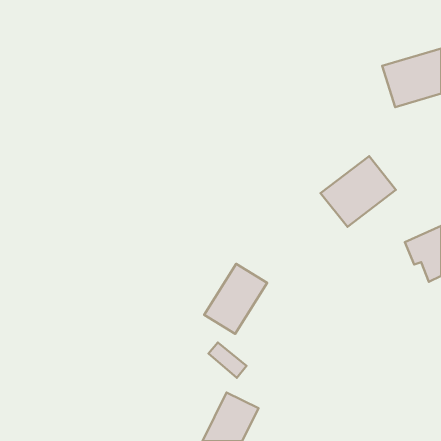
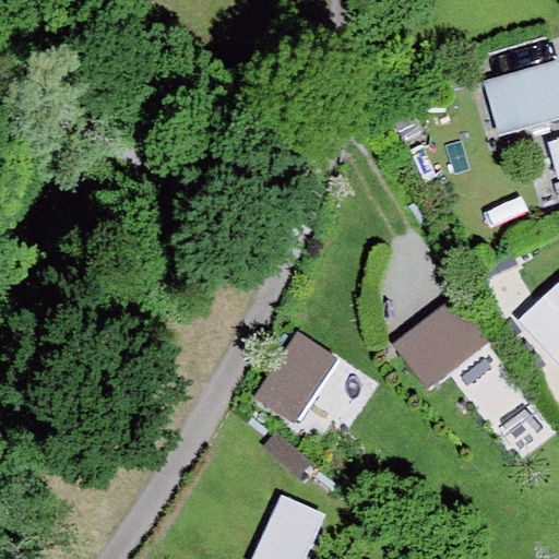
building: [321,156,396,227] -> [394,297,489,386]

